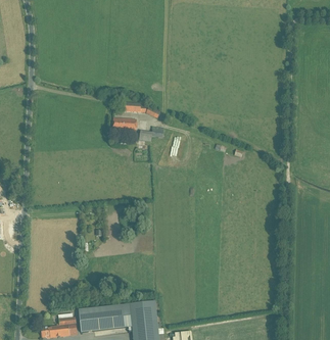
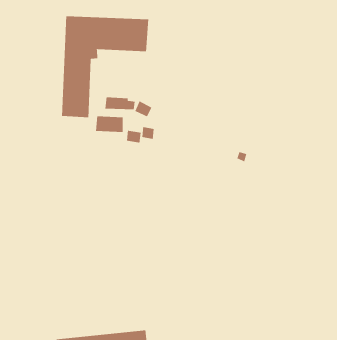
building: none -> [62,15,149,118]

